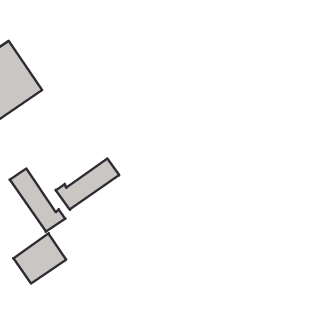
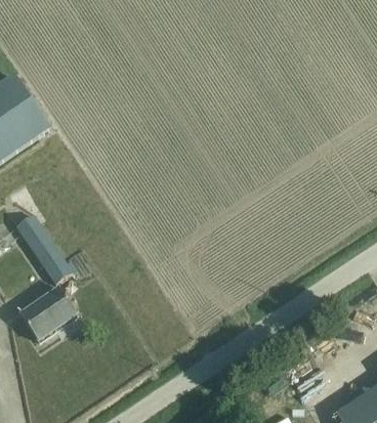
building: [56,159,119,210] -> none

